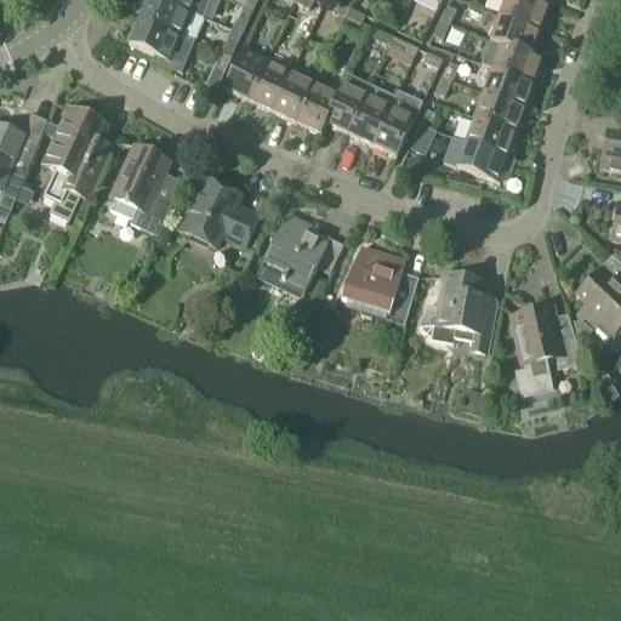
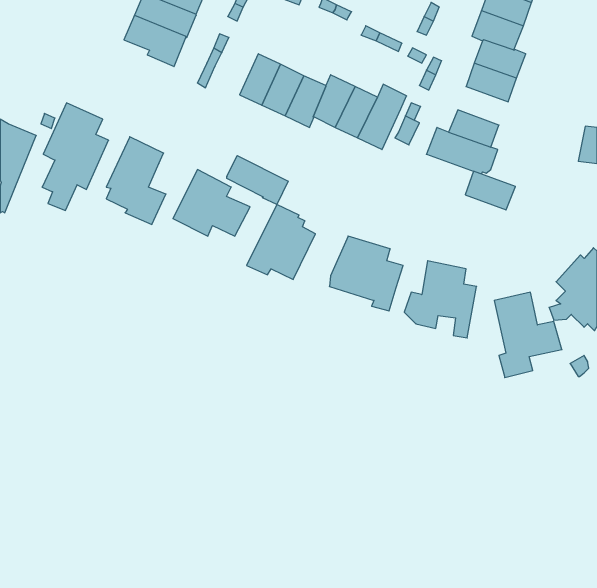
building: [223,45,268,98] -> none
building: [475,90,528,130] -> [465,171,515,210]
building: none -> [227,156,288,205]

